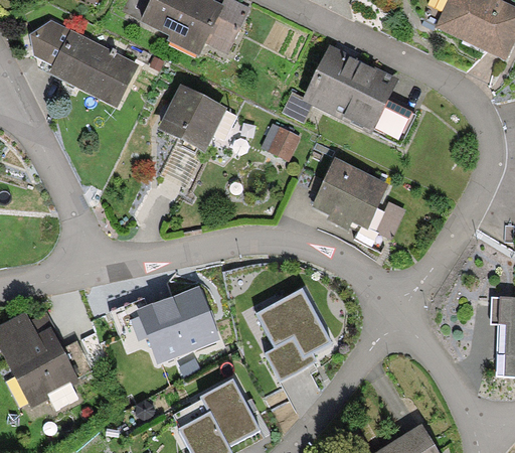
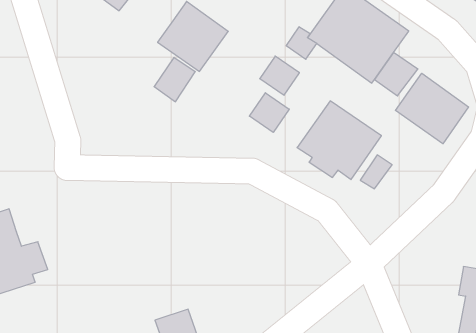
building: none -> [395,73,469,144]
building: none -> [249,93,289,132]
building: [109,286,220,363] -> none
building: [261,292,330,376] -> none

